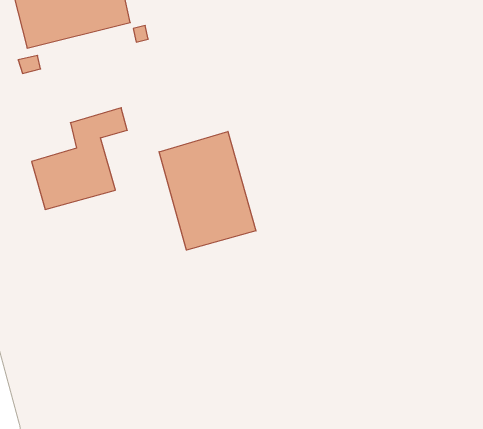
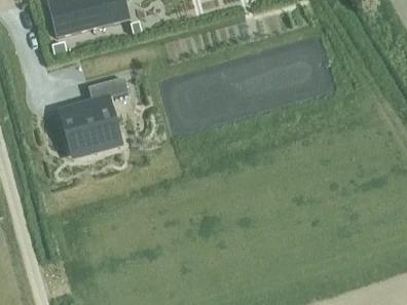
building: [159,131,256,250] -> none

